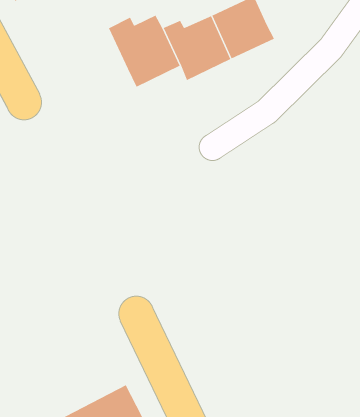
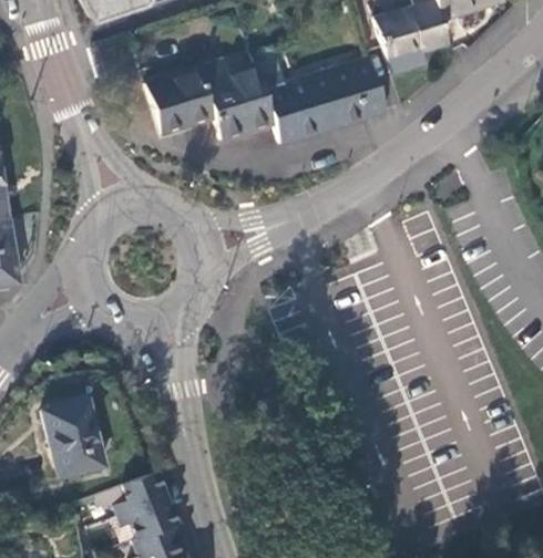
building: none -> [148,71,215,135]
building: none -> [45,400,106,476]

